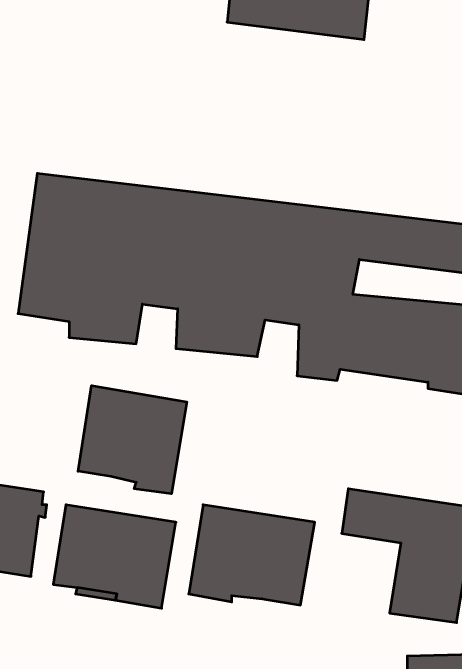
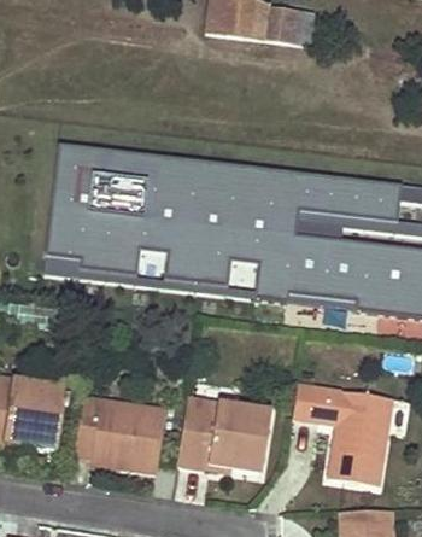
building: [78,386,187,494] -> none

